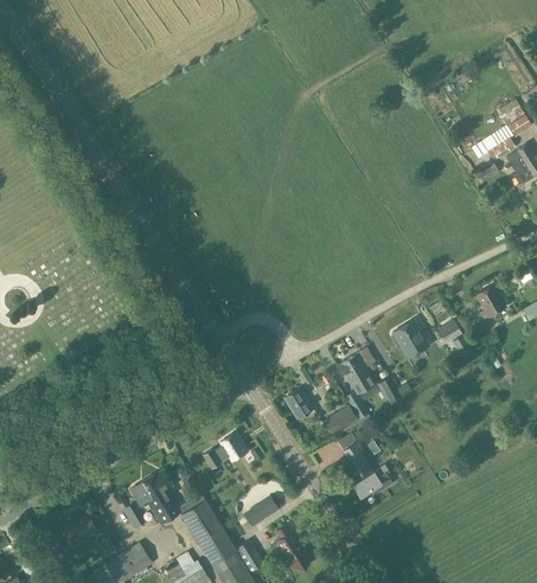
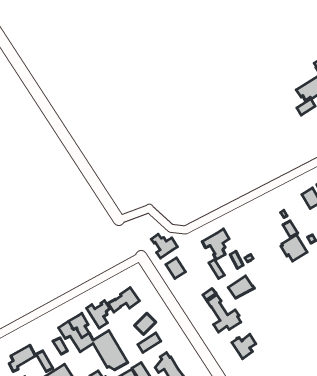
building: [391,320,429,358] -> [281,235,307,261]
building: none -> [151,234,178,258]
building: [324,405,362,437] -> [228,276,254,298]
building: none -> [87,300,110,328]
building: none -> [232,334,256,359]

